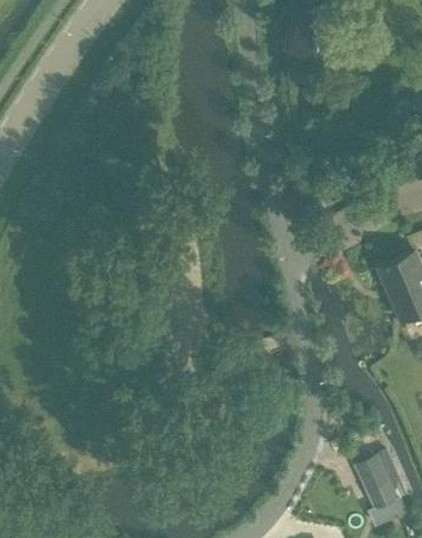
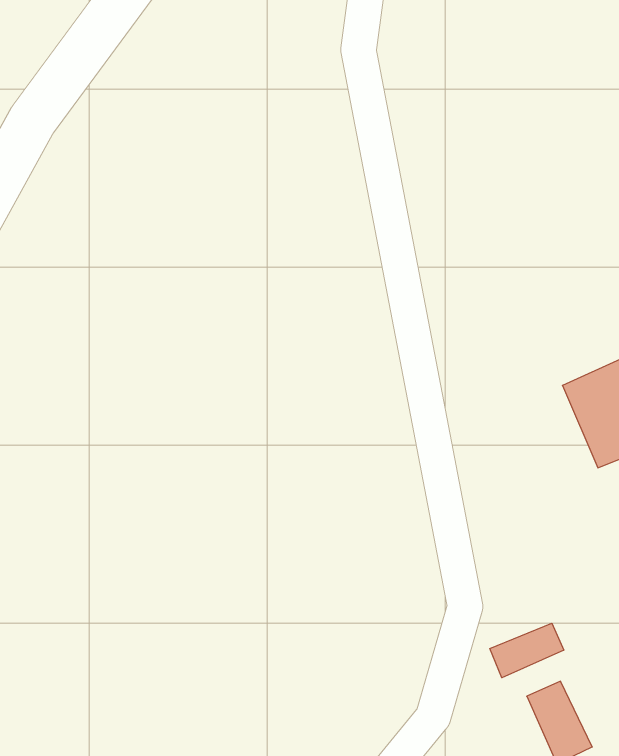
building: none -> [490,623,564,678]

